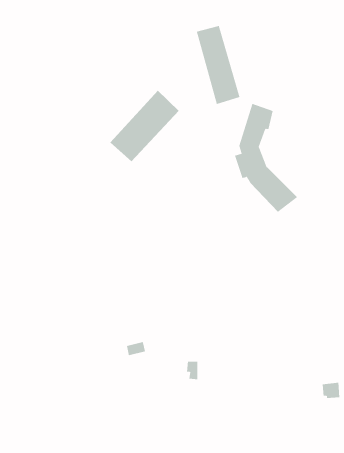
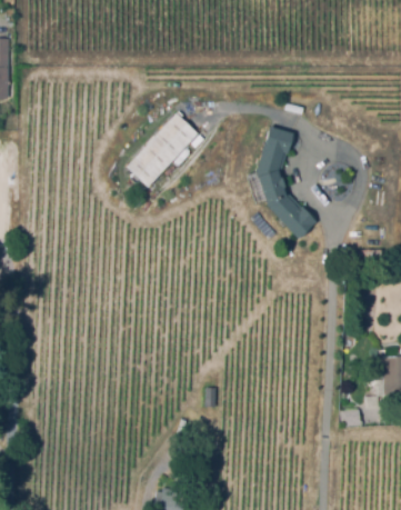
building: [196,25,240,105] -> none

